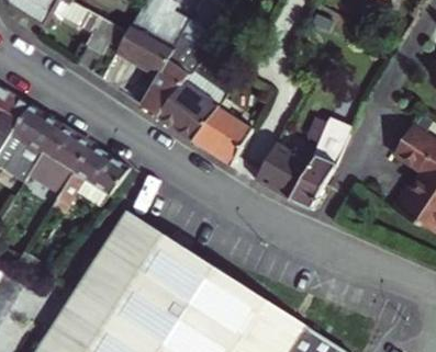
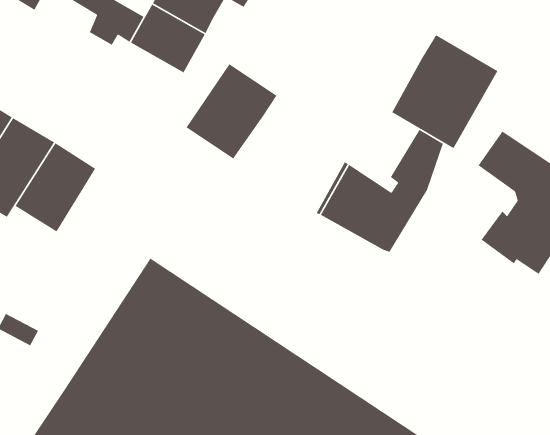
building: [139,33,200,114] -> none
building: none -> [391,34,499,149]
building: [192,105,250,163] -> none
building: [51,145,127,214] -> none

